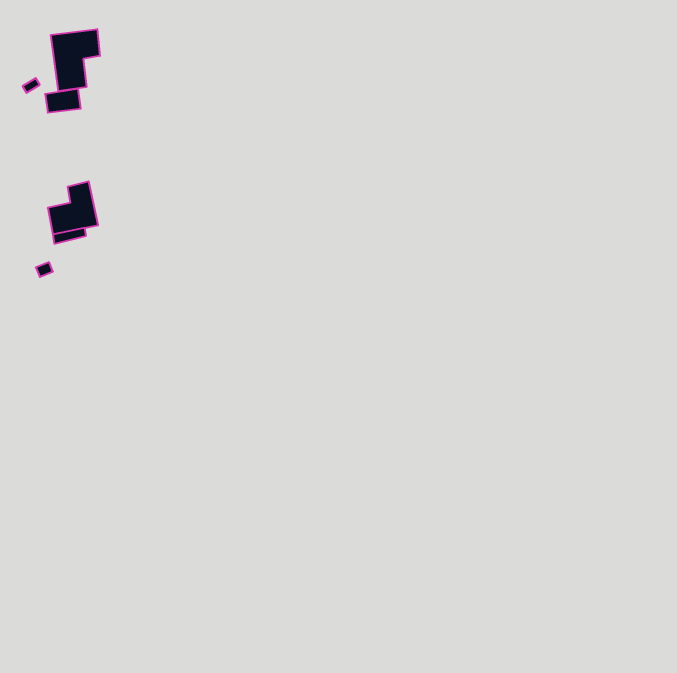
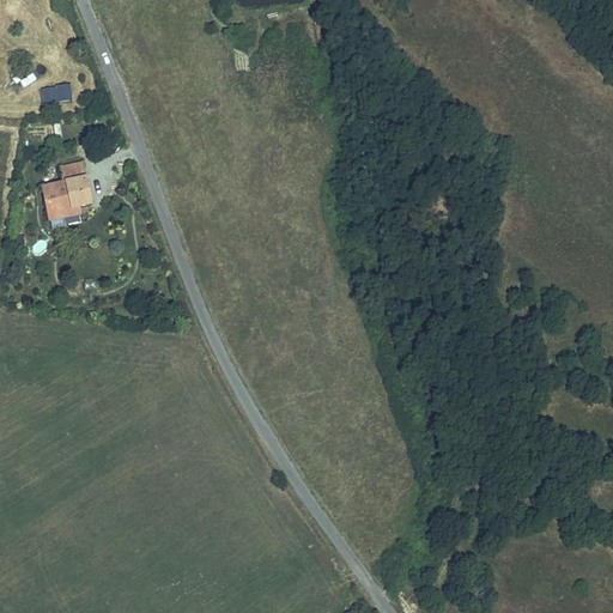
building: [51,29,100,91] -> none

